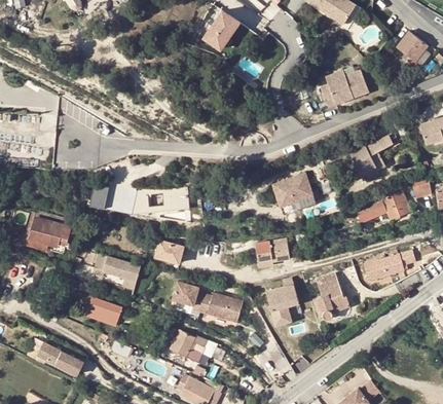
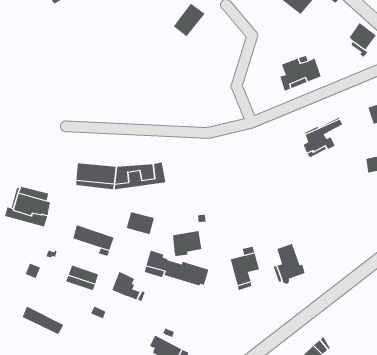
building: [269,173,312,215] -> none
building: [356,191,411,222] -> none
building: [256,238,289,267] -> [172,230,202,257]
building: [364,250,416,282] -> none
building: [171,330,202,362] -> [111,271,140,300]

